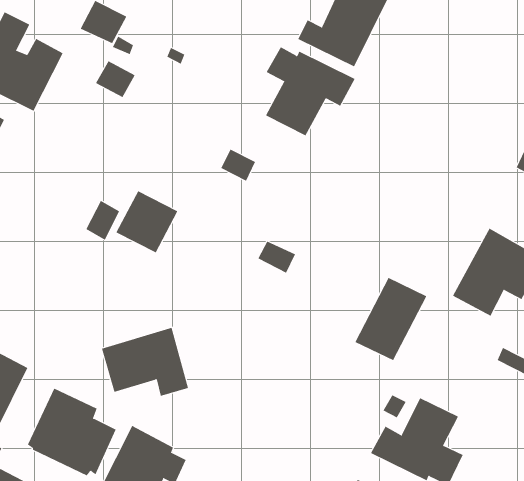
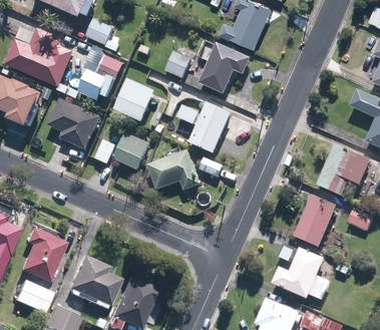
building: none -> [166,51,193,78]
building: none -> [75,67,105,99]
building: none -> [111,78,152,120]
building: none -> [50,99,101,149]
building: none -> [186,101,230,152]
building: [355,277,427,361] -> [297,196,339,246]
building: [101,327,189,397] -> [144,149,199,192]

